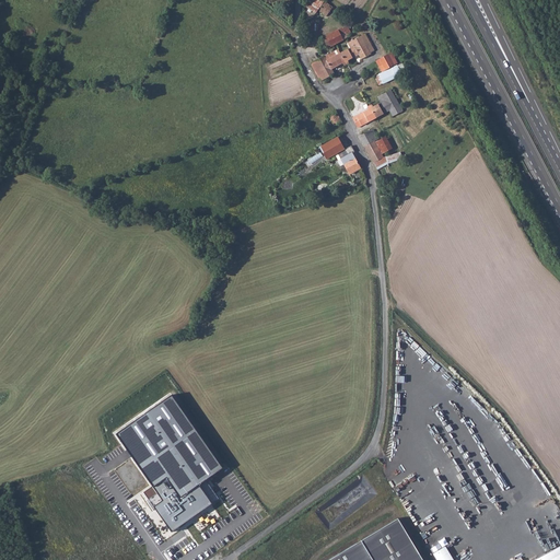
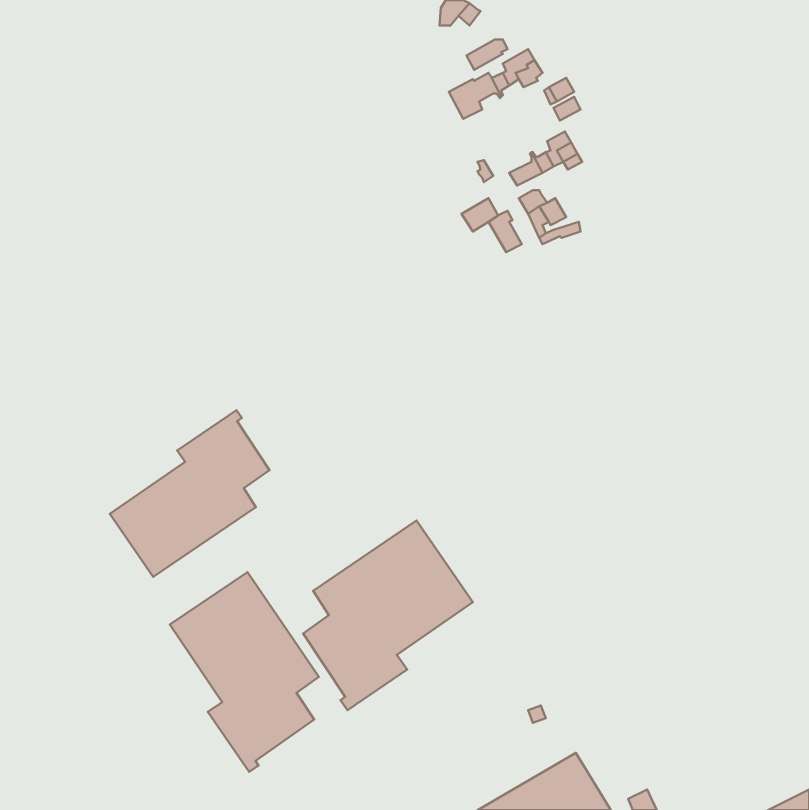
building: none -> [110,410,269,577]
building: none -> [303,520,473,710]

